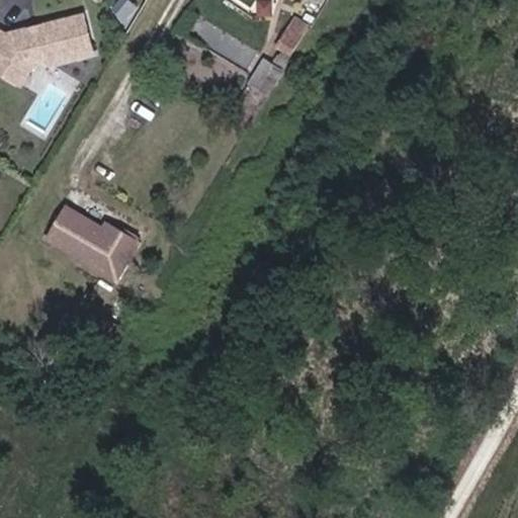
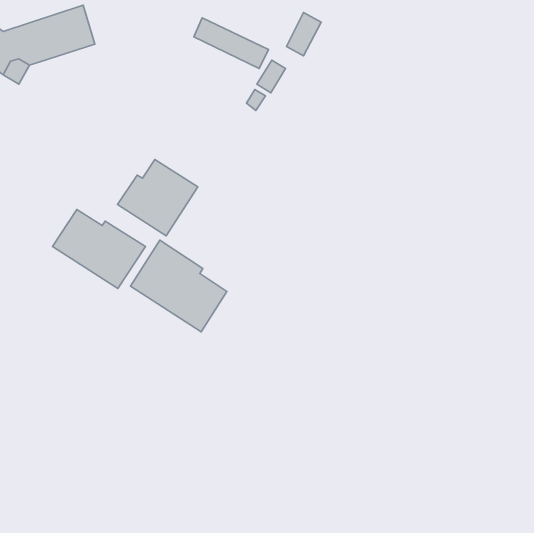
building: none -> [117,160,198,236]
building: none -> [130,240,227,332]

